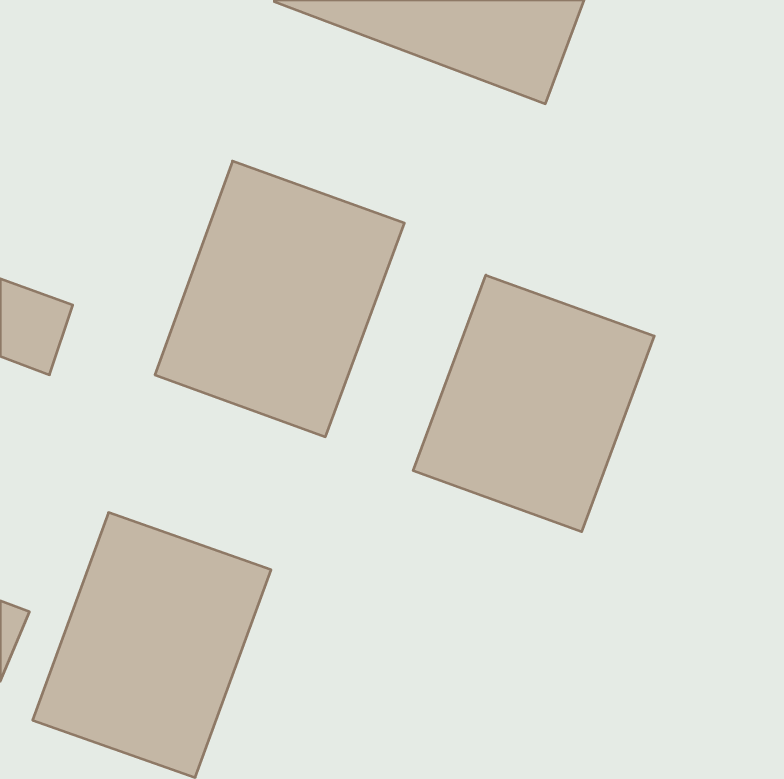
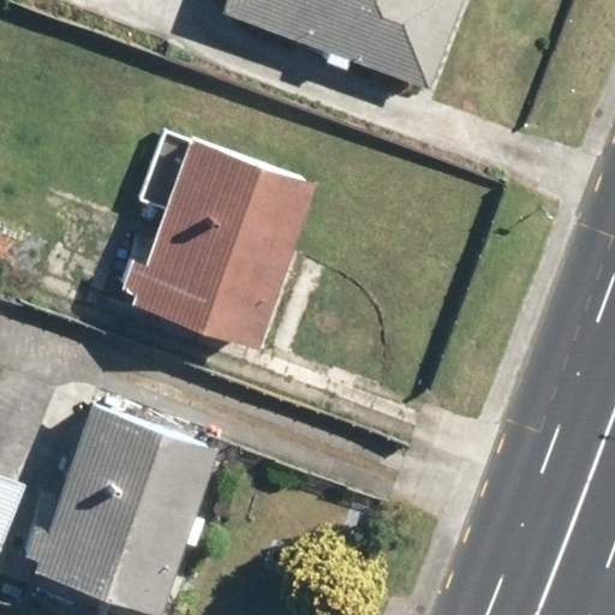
building: [413,275,654,532] -> none

